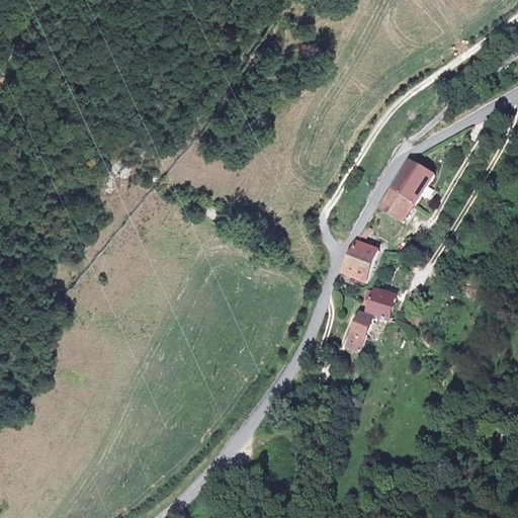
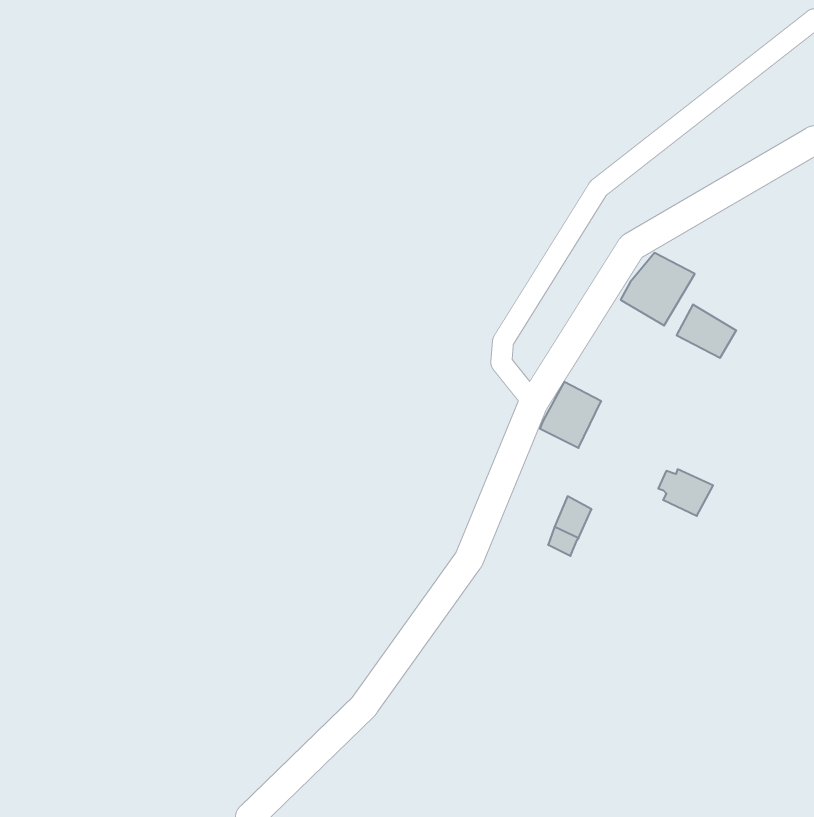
building: [379,188,417,222] -> [677,305,736,358]
building: [363,287,398,317] -> [658,469,713,516]

